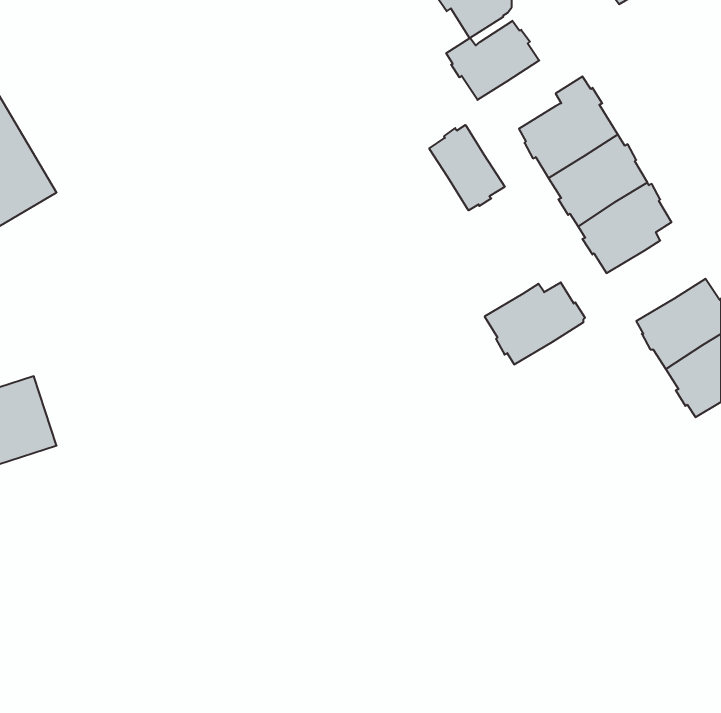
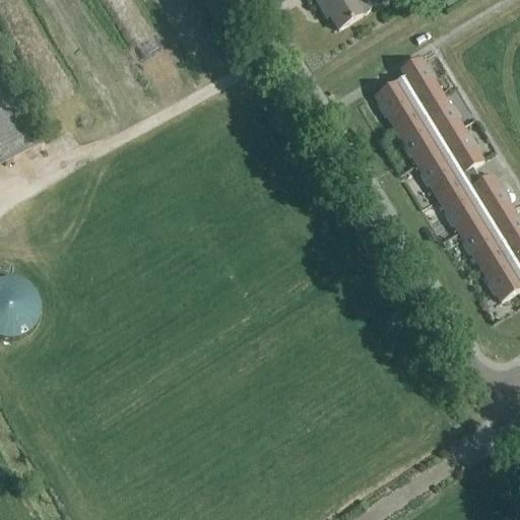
building: [446,21,539,100] -> none
building: [429,125,505,210] -> none
building: [485,282,585,364] -> [436,172,508,231]

